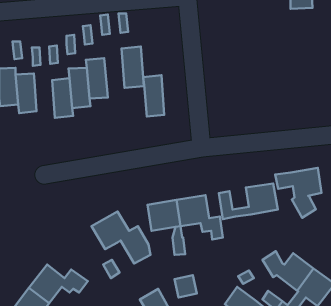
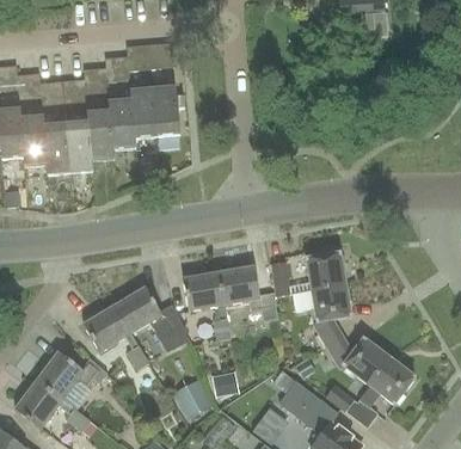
building: [143,75,164,117] -> [129,85,155,136]
building: none -> [44,124,69,172]
building: [275,168,322,218] -> [293,284,350,346]
building: none -> [84,305,131,351]

